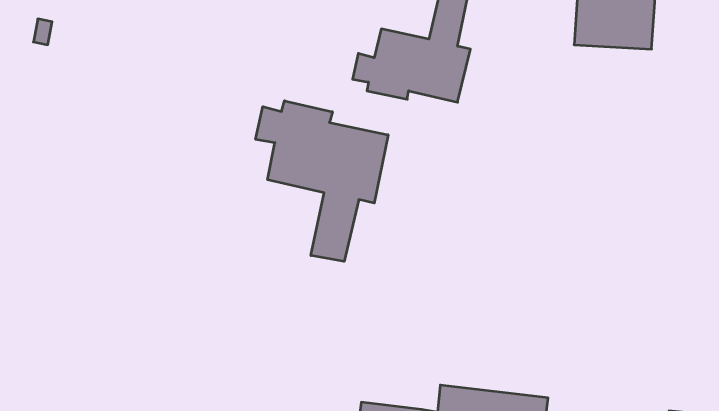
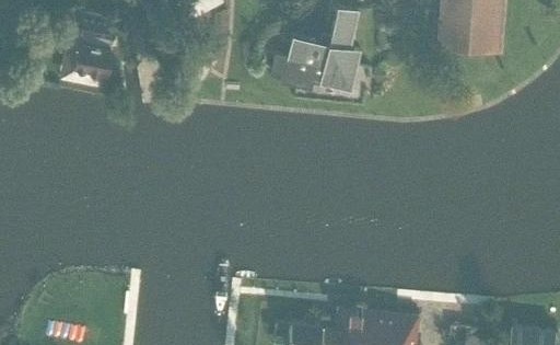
building: none -> [74,23,115,77]
building: [256,101,388,261] -> none

